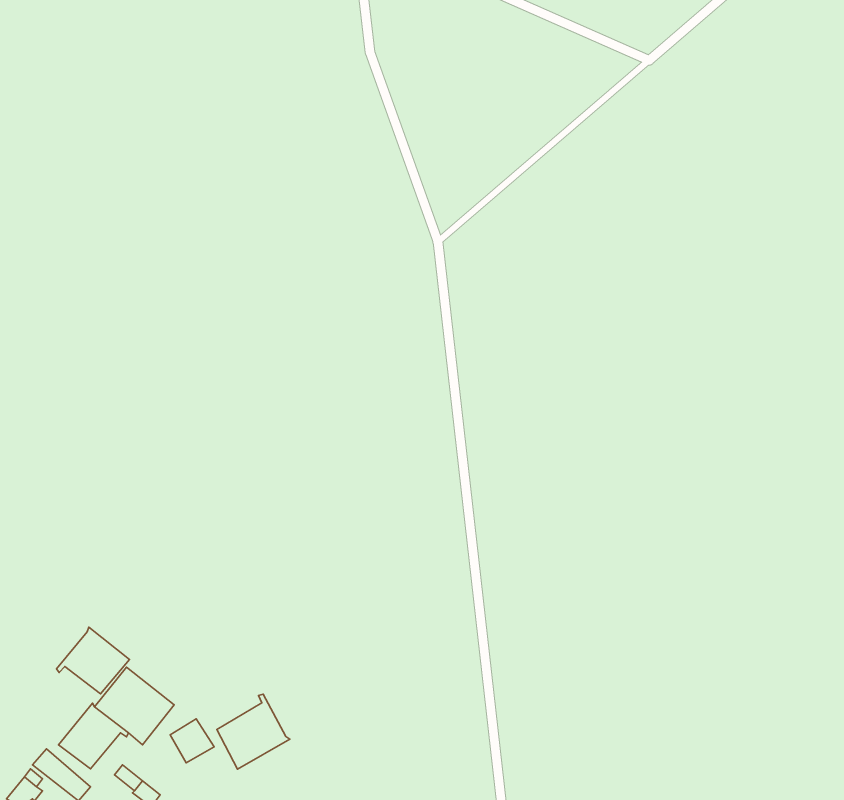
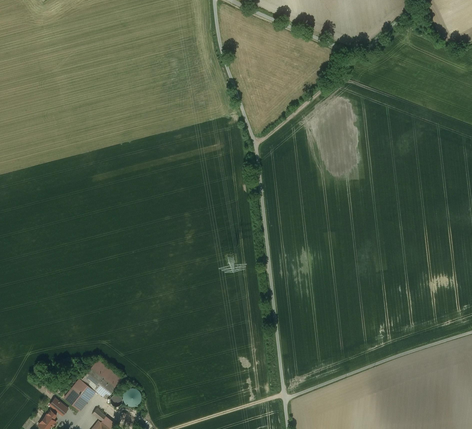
building: [57,627,130,694] -> none
building: [217,694,290,769] -> none

